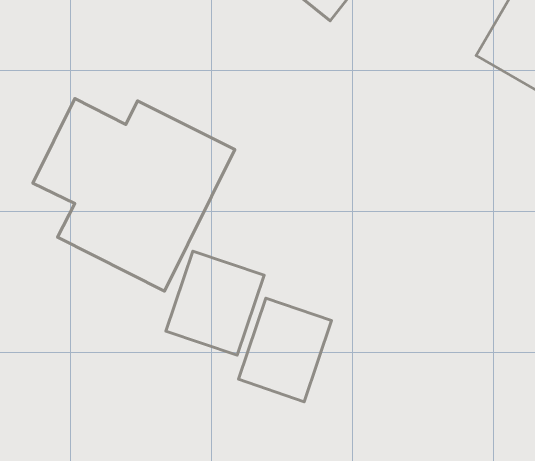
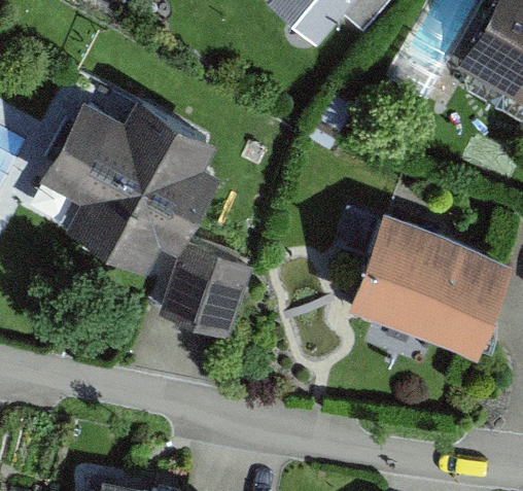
building: none -> [359,215,508,340]
building: [239,298,332,402] -> none

